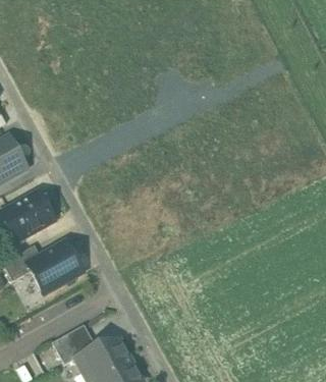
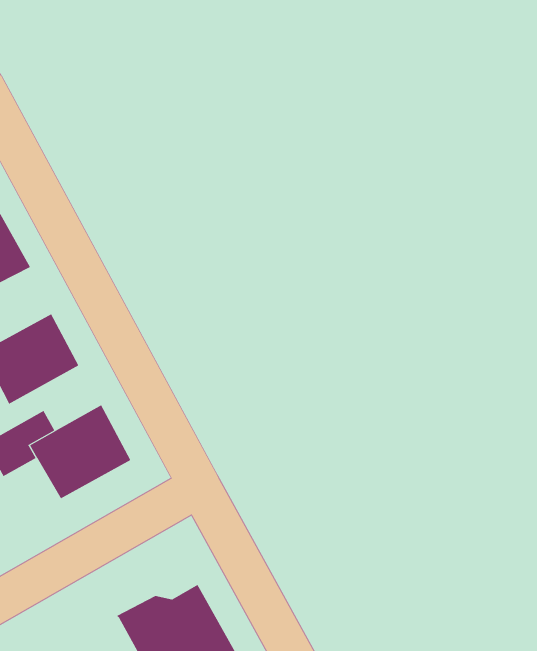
building: [52,325,96,365] -> none

